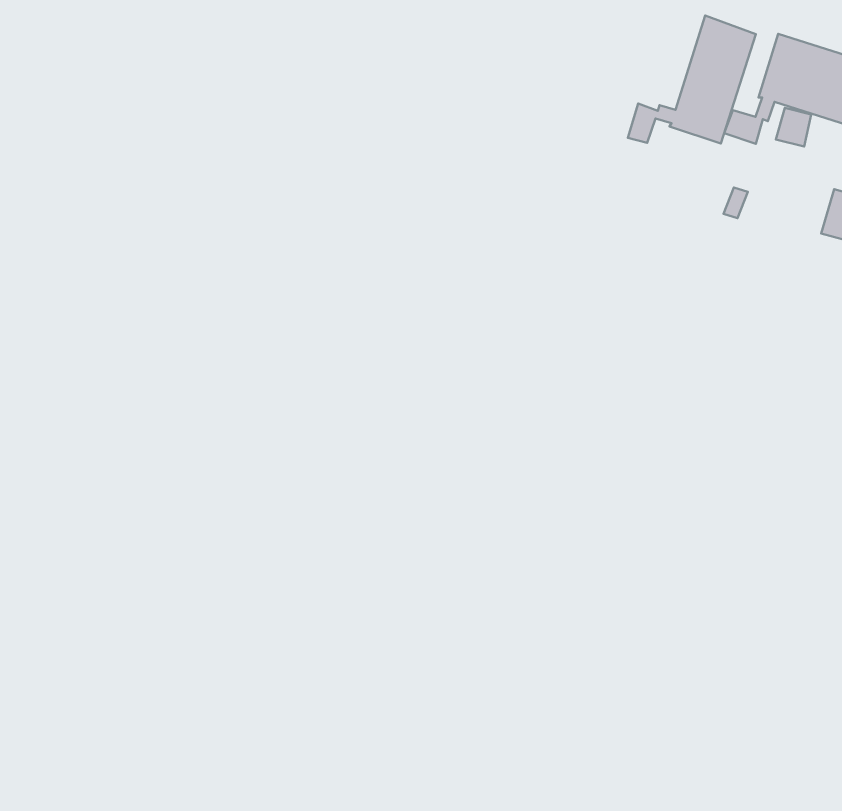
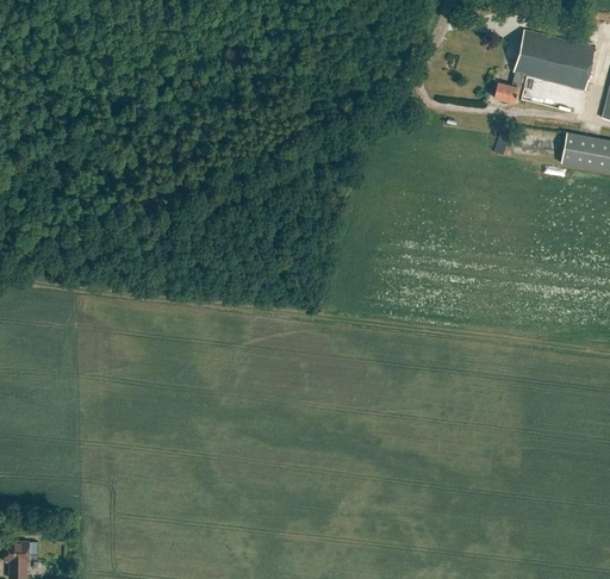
building: [628,15,756,143] -> none

